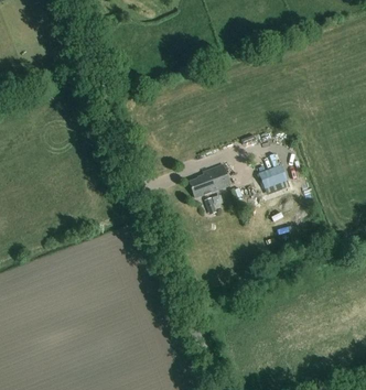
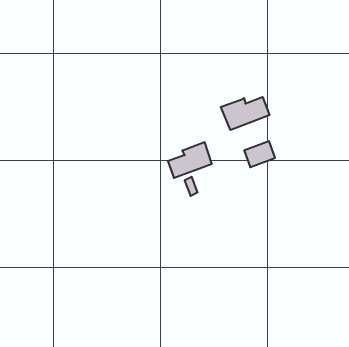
building: none -> [221,97,270,130]

